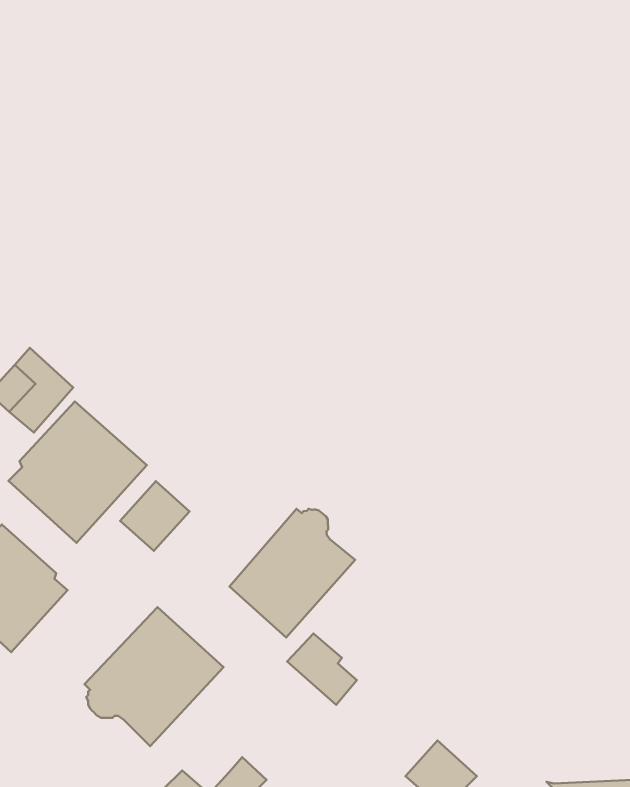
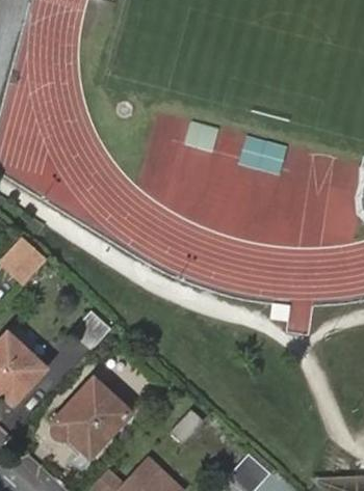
building: [9,401,147,543] -> none
building: [229,509,355,638] -> none

